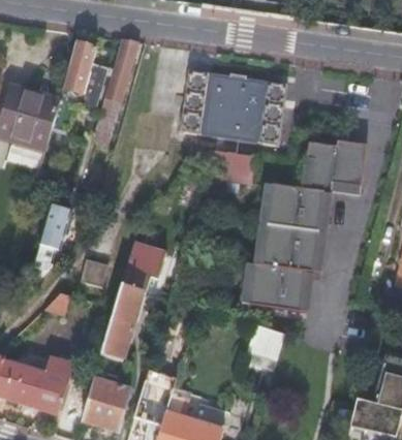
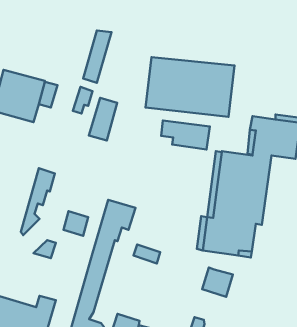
building: [61,42,95,94] -> [89,98,117,141]

